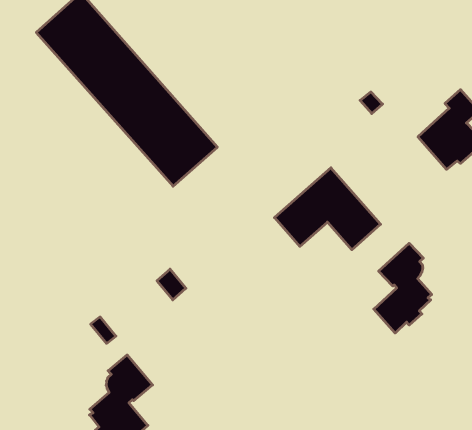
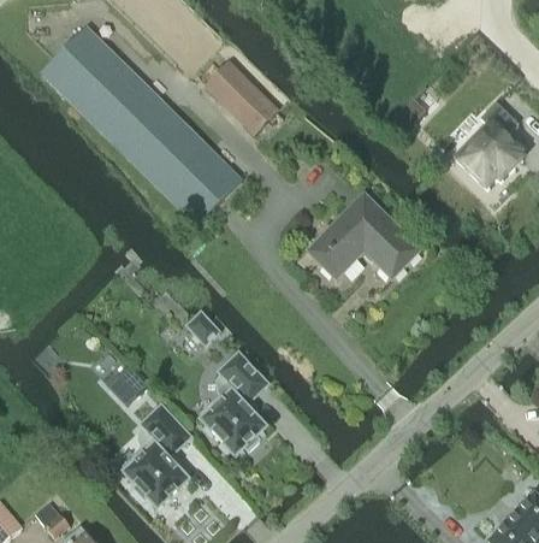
building: none -> [202,58,278,136]
building: [374,243,432,333] -> none
building: none -> [201,353,267,455]

